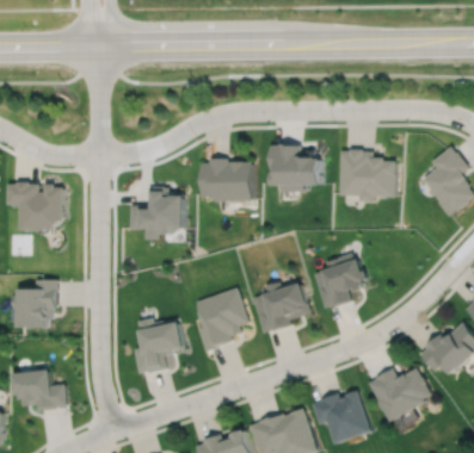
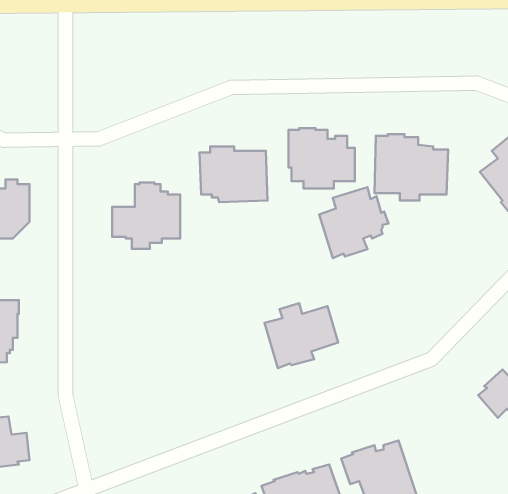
building: [313,252,368,308] -> [319,187,389,258]
building: [193,286,247,352] -> none
building: [133,317,183,373] -> none
building: [369,367,432,423] -> none

